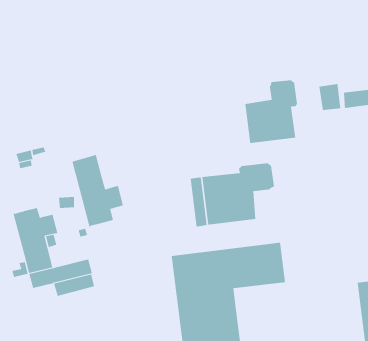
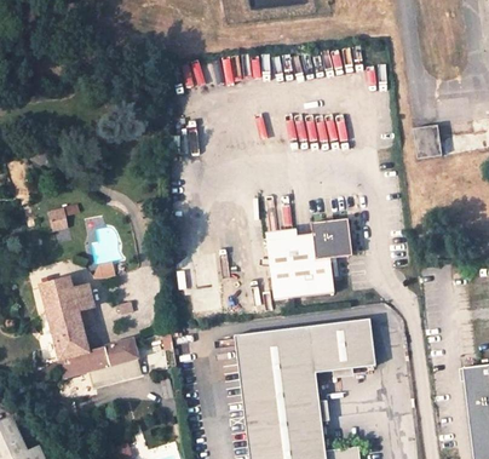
building: [245,79,298,144] -> none
building: [72,154,124,228] -> none

